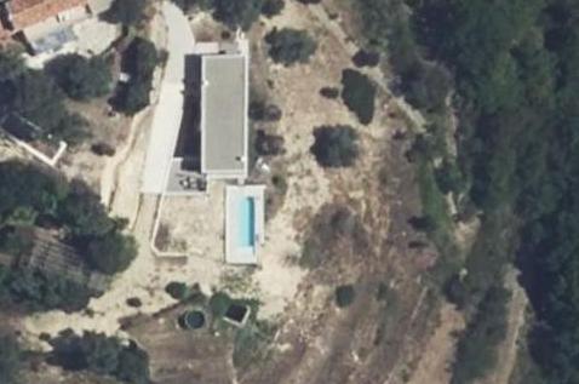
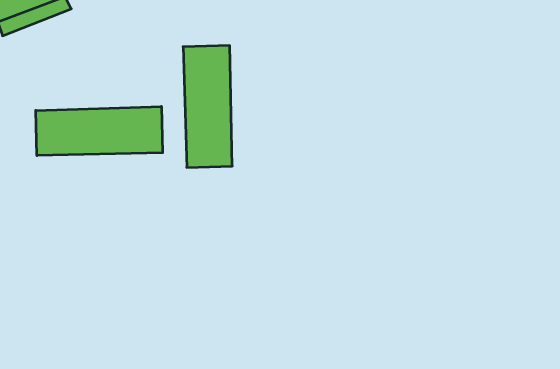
building: none -> [36,106,163,156]

